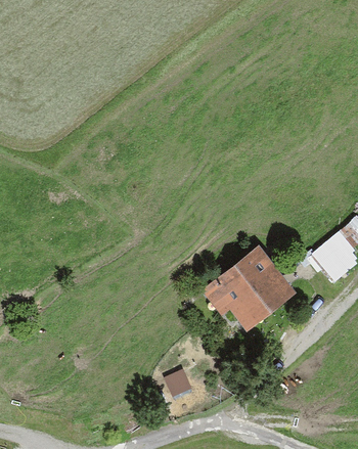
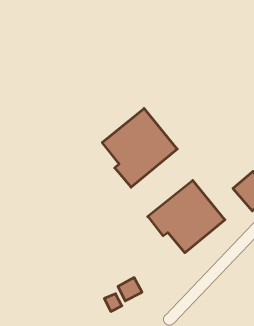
building: none -> [102,108,177,187]

